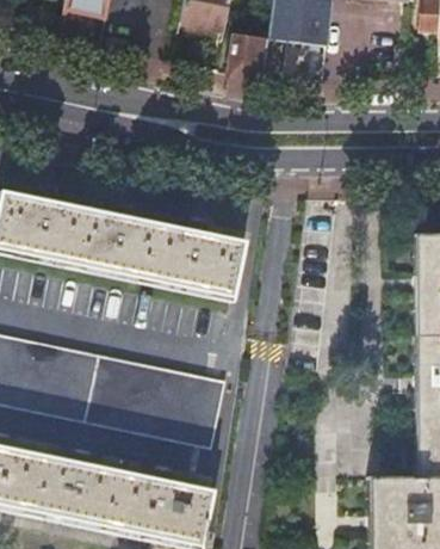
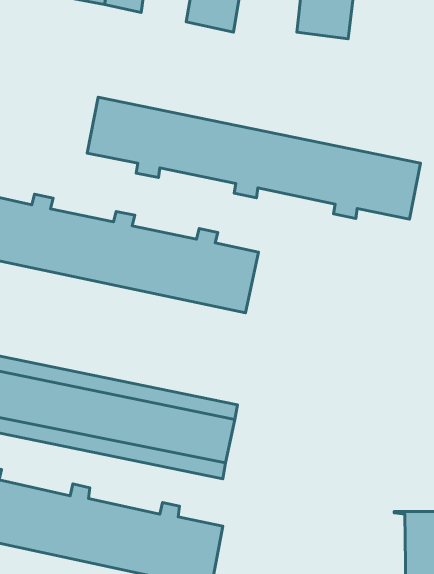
building: [228,33,268,78] -> none
building: none -> [87,97,420,219]

